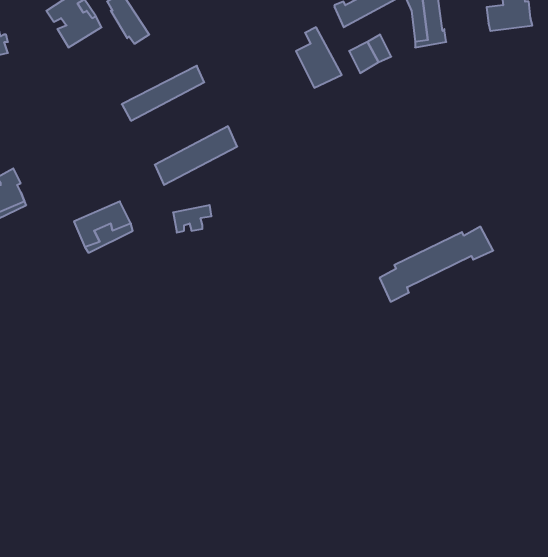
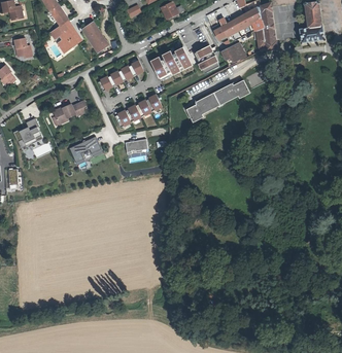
building: none -> [147,46,189,82]
building: none -> [48,102,86,128]
building: [380,227,493,302] -> [186,81,250,123]

